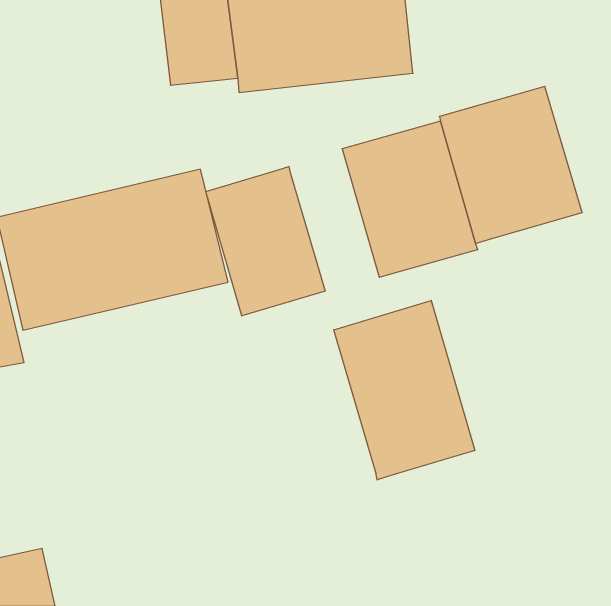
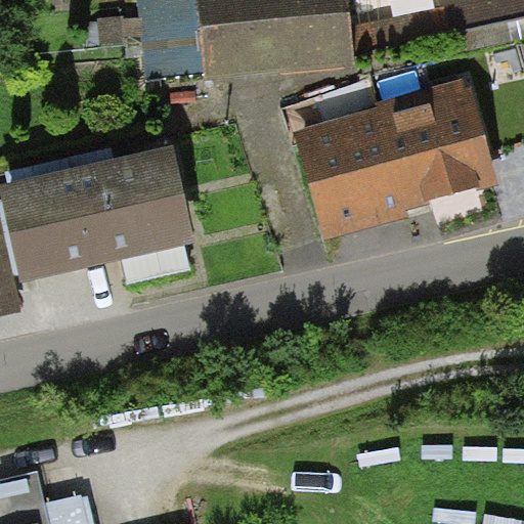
building: [206,166,325,316] -> none
building: [334,300,475,480] -> none

